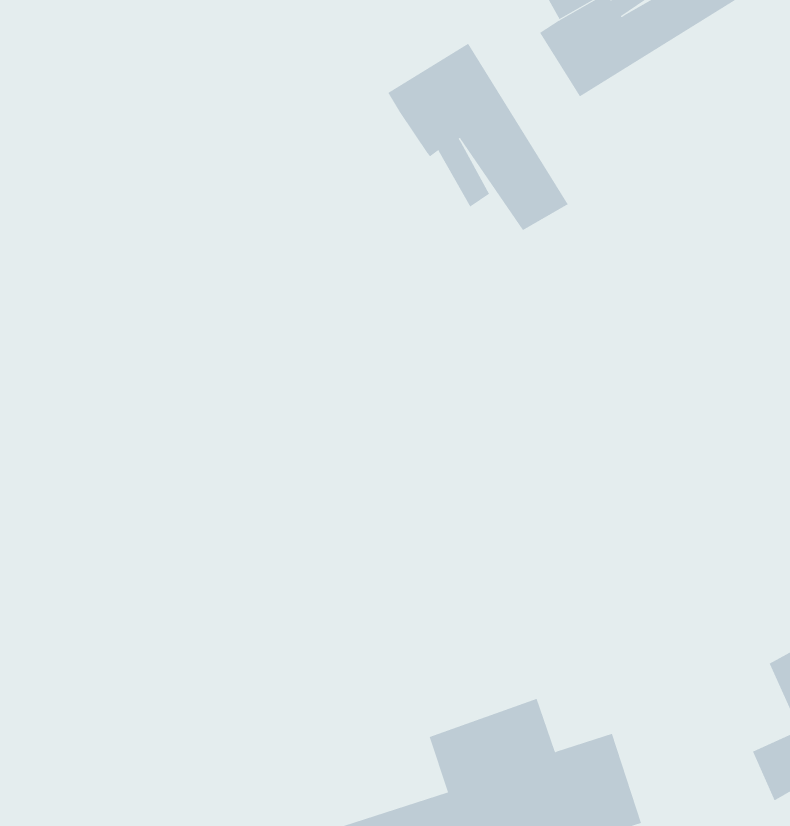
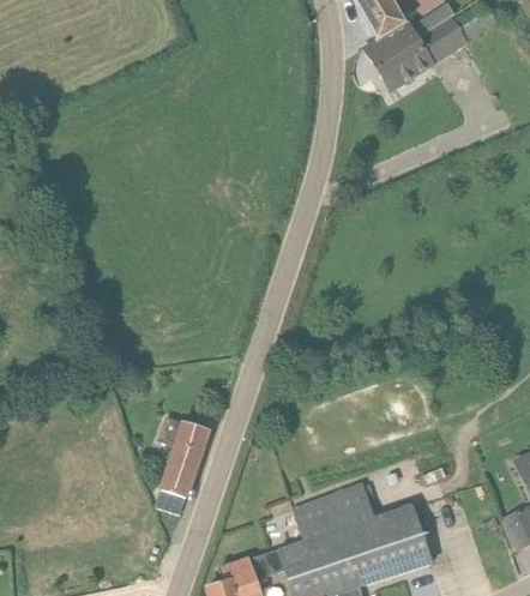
building: [387,43,569,231] -> none
building: none -> [156,416,209,514]

